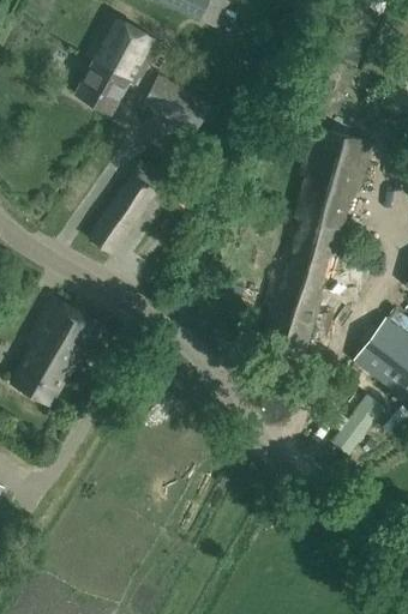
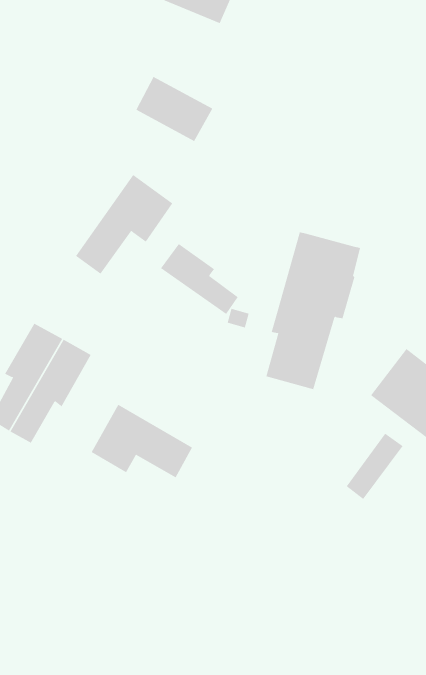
building: [74,14,161,115] -> none
building: [295,128,370,229] -> none
building: none -> [160,243,238,315]
building: none -> [91,404,193,478]

